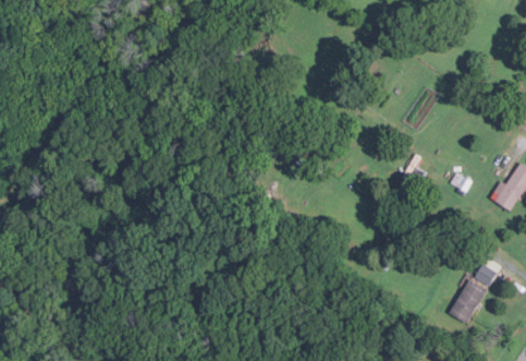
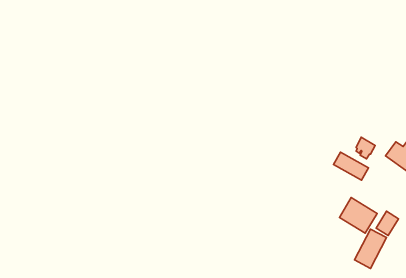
building: none -> [334,152,368,180]
building: none -> [339,198,377,233]

